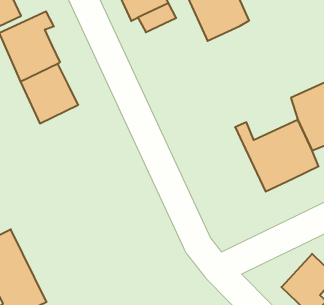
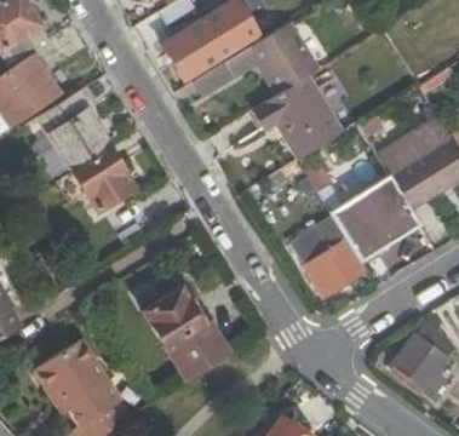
building: none -> [251,74,344,159]
building: none -> [286,213,368,299]
building: none -> [142,283,230,381]

